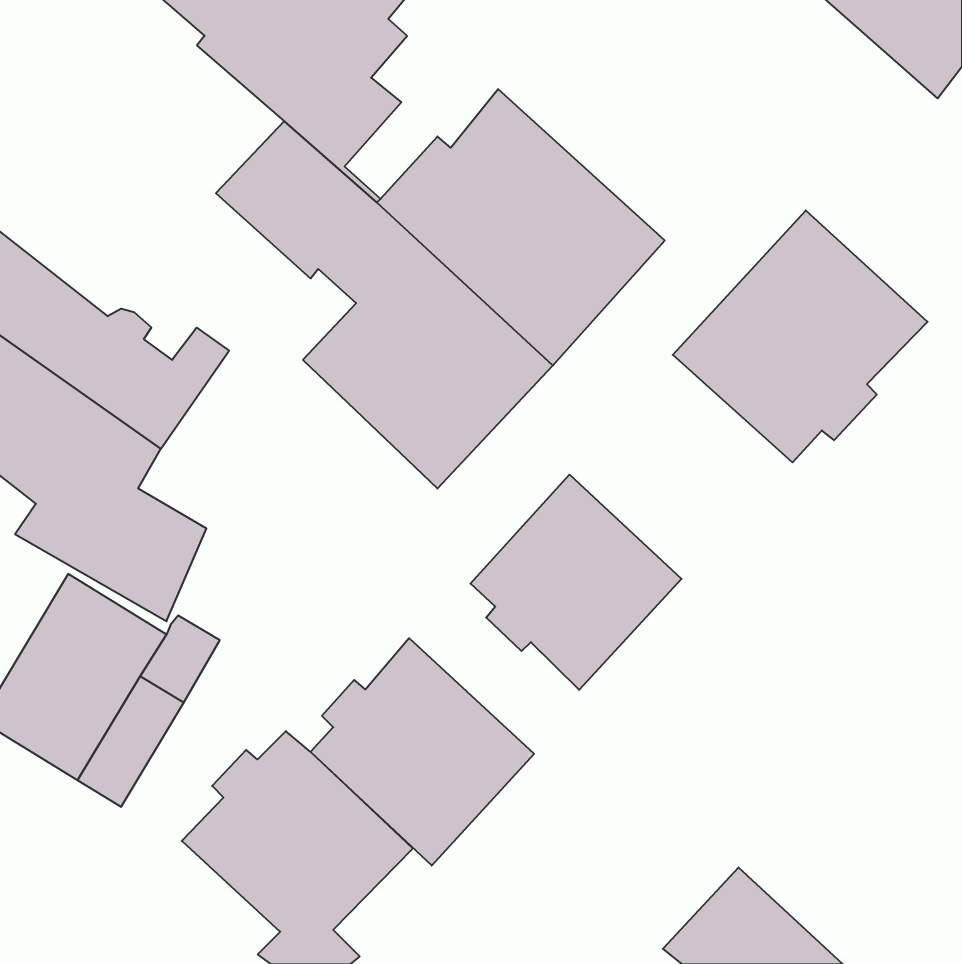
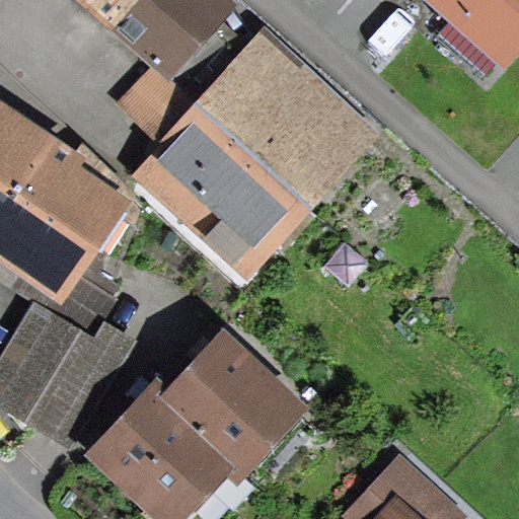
building: [673,210,928,462] -> none
building: [470,475,682,690] -> none

